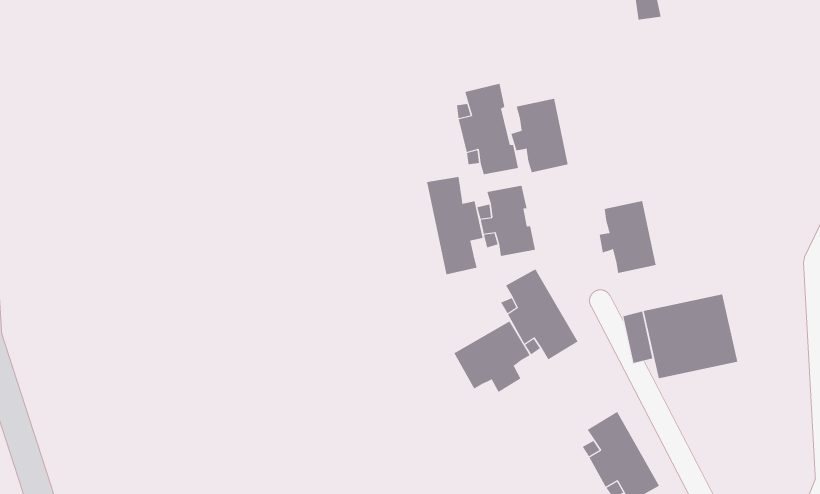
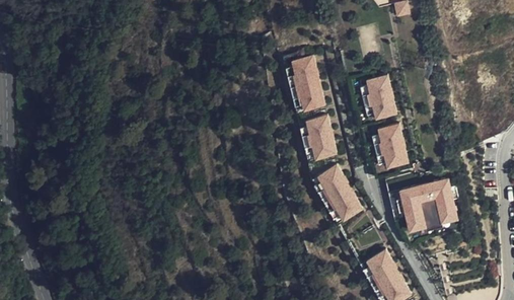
building: [511,98,568,173] -> [362,75,396,120]
building: [427,176,483,275] -> none
building: [454,321,530,393] -> none

